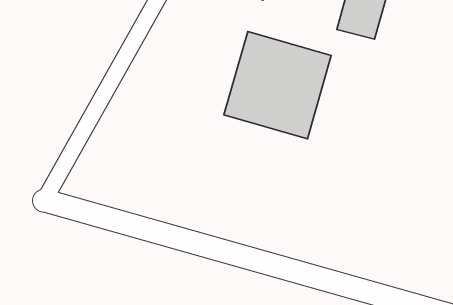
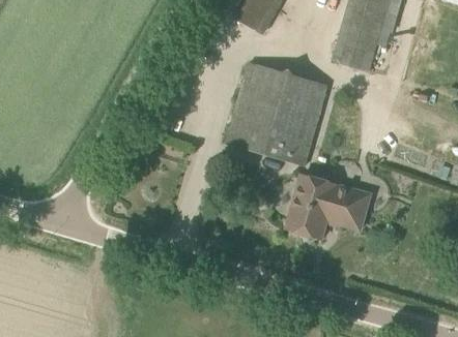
building: none -> [287,175,371,238]

